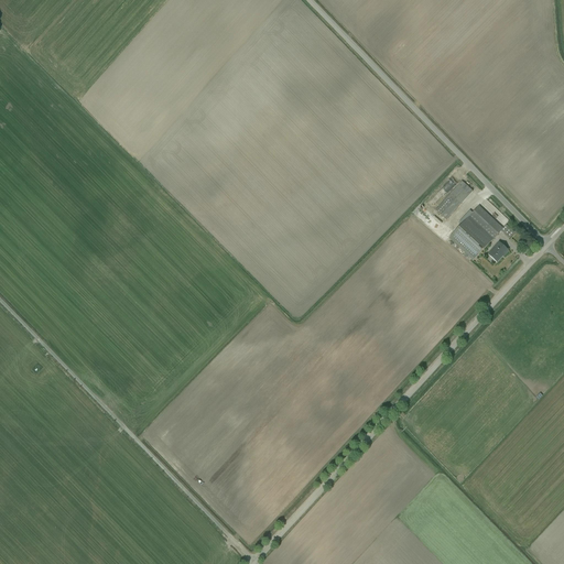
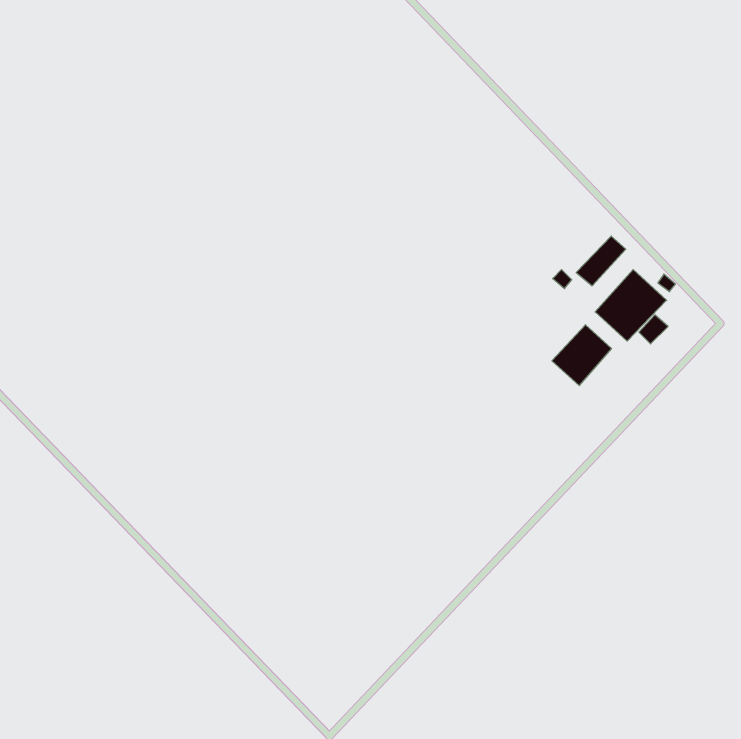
building: none -> [552,325,611,386]

